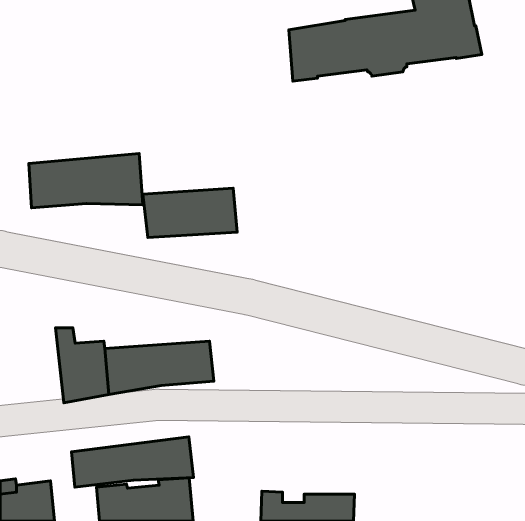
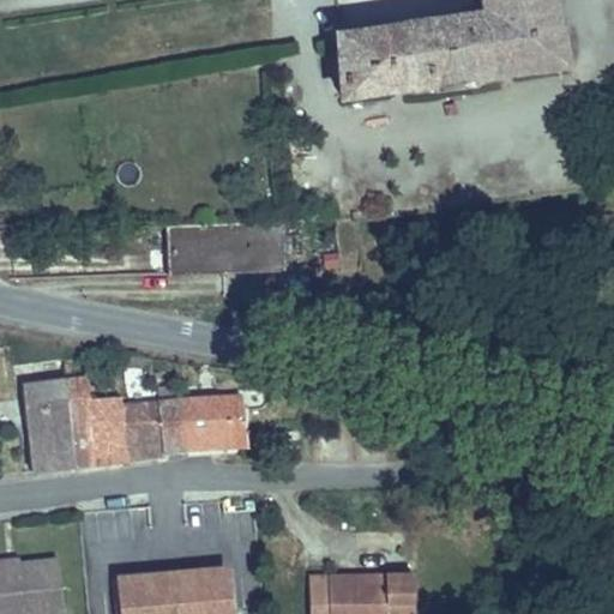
building: [29,154,143,208] -> none
building: none -> [23,383,74,477]
building: [72,437,193,487] -> none

